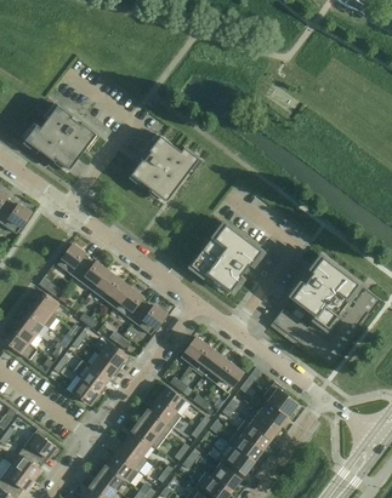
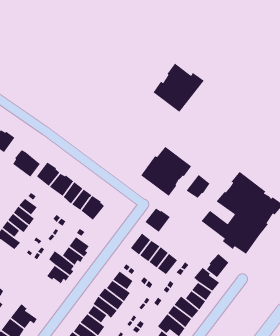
building: [25,104,96,171] -> none
building: [131,134,199,200] -> [153,63,205,113]
building: none -> [12,149,41,178]
building: none -> [186,174,211,199]
building: [132,302,166,334] -> [145,208,171,233]
building: none -> [206,253,230,278]

